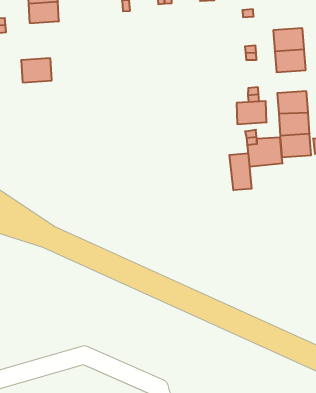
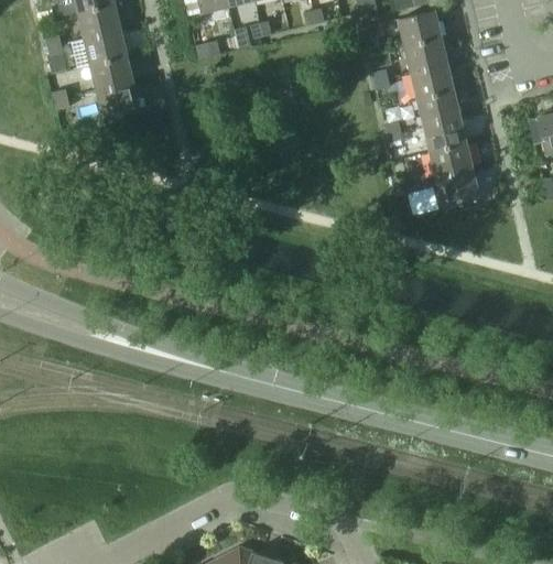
building: none -> [398,11,441,47]
building: [21,58,52,82] -> [97,83,140,119]
building: [237,101,267,124] -> [418,90,459,126]
building: [229,153,251,190] -> none

